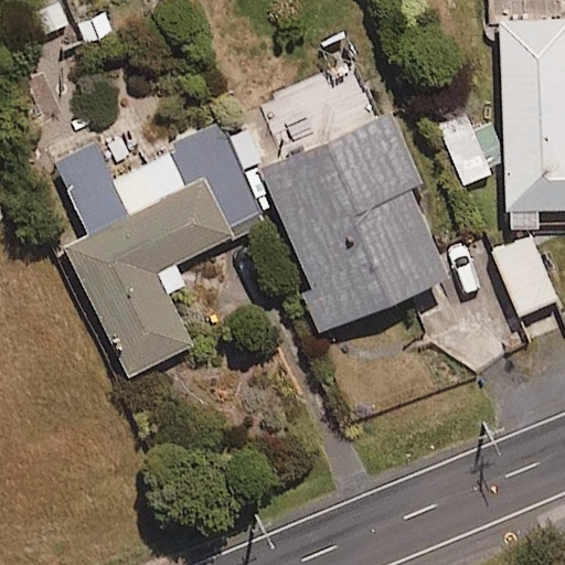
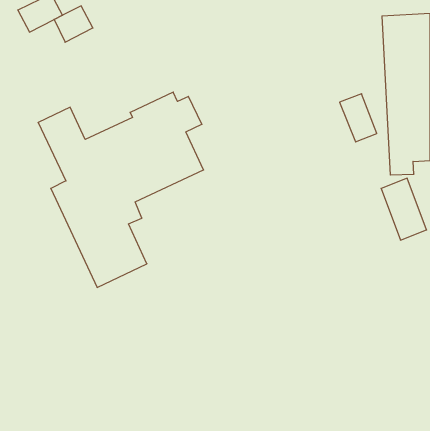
building: [263,116,449,334] -> none

